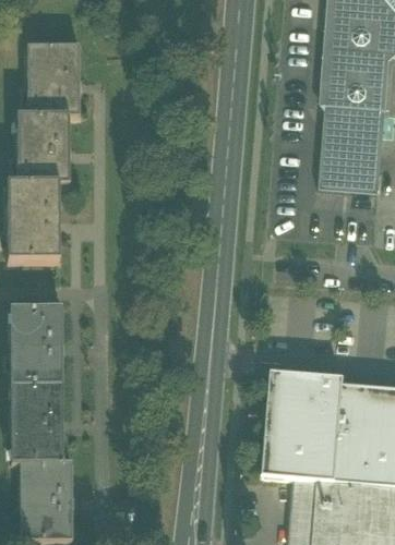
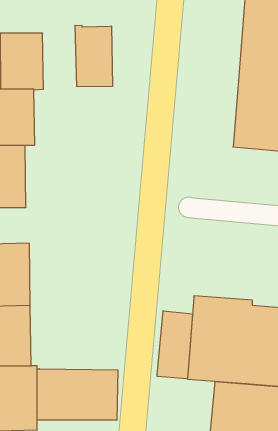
building: none -> [75,25,112,87]
building: none -> [157,311,193,379]
building: none -> [37,369,118,420]

